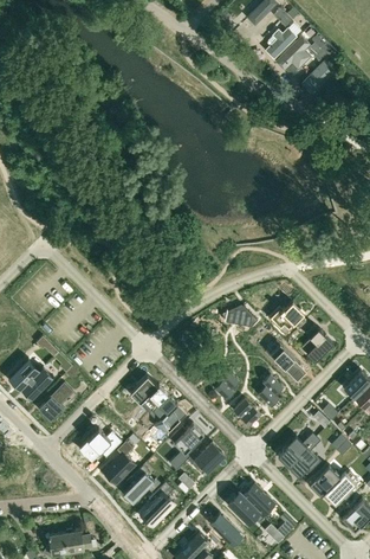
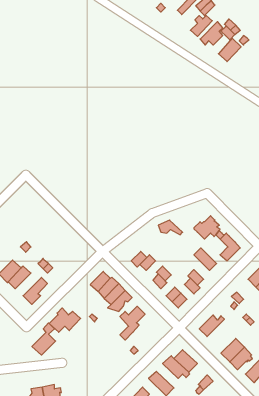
building: [103,441,135,484] -> [32,323,56,355]
building: [288,442,322,475] -> none
building: [188,443,225,470] -> none
building: [123,465,155,503] -> none
building: [142,482,175,526] -> none

